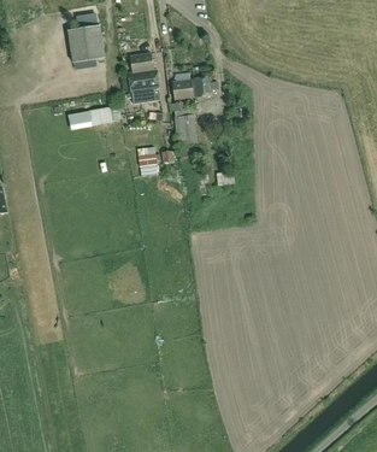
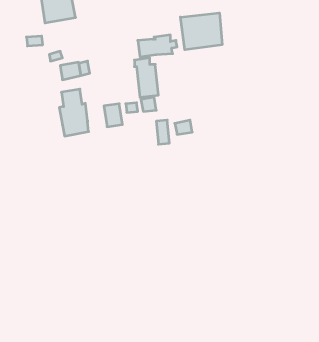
building: none -> [180,13,222,50]
building: [126,53,159,105] -> [59,89,89,136]

